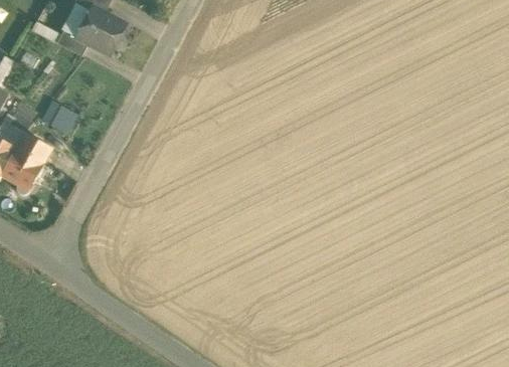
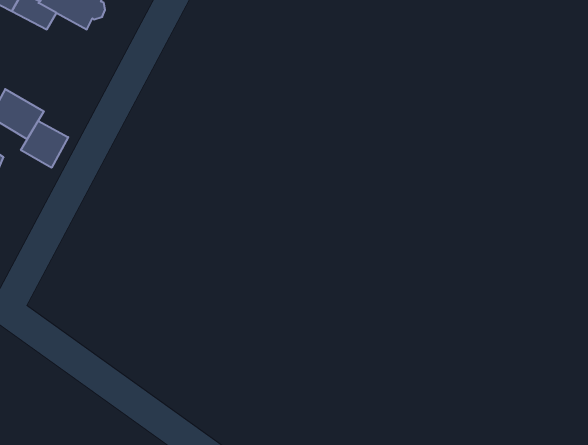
building: none -> [21,121,68,168]

